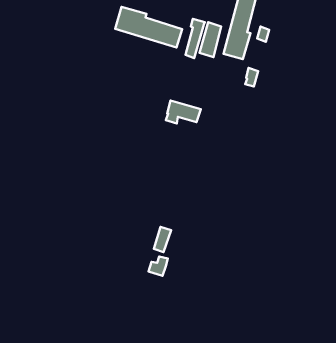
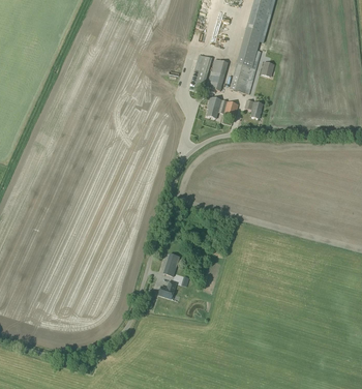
building: [115,7,182,47] -> none
building: [166,101,201,123] -> [206,95,239,117]

